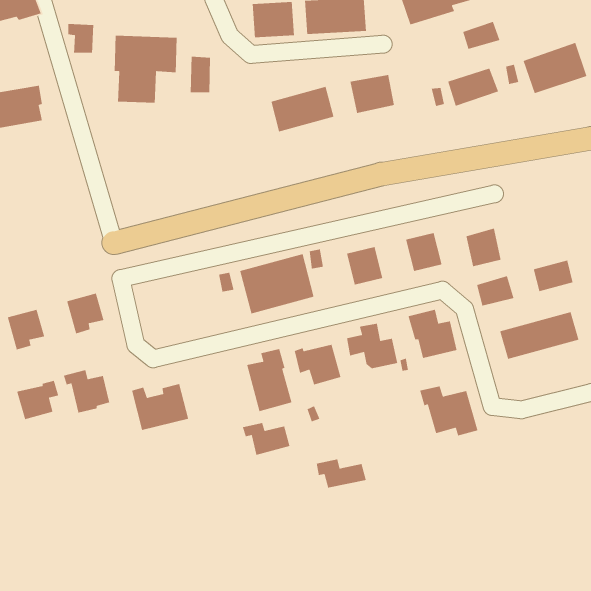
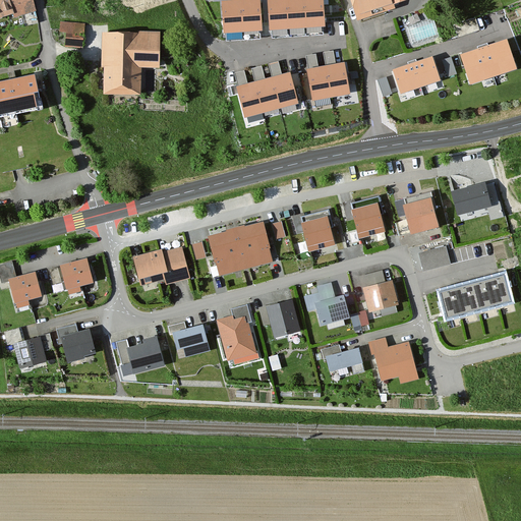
building: [190,56,211,93] -> none
building: [533,259,574,292] -> [452,186,487,215]
building: none -> [134,247,190,285]
building: [242,422,291,456] -> [166,322,209,351]
building: [316,458,367,489] -> [320,345,364,371]

